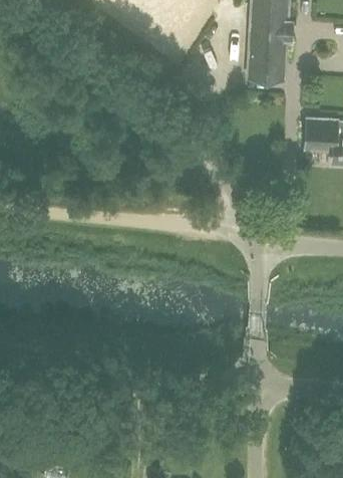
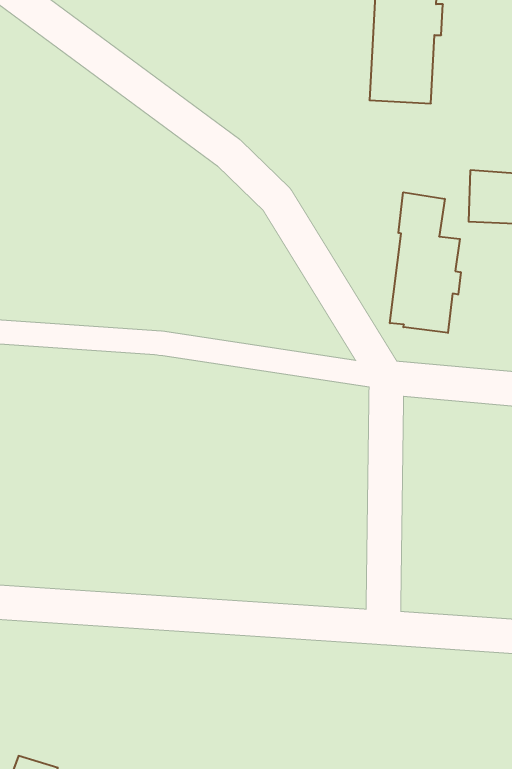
building: none -> [390,192,461,333]

